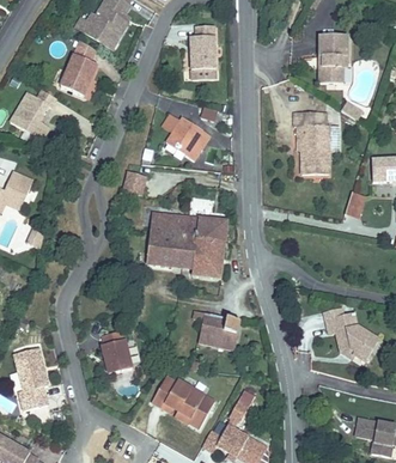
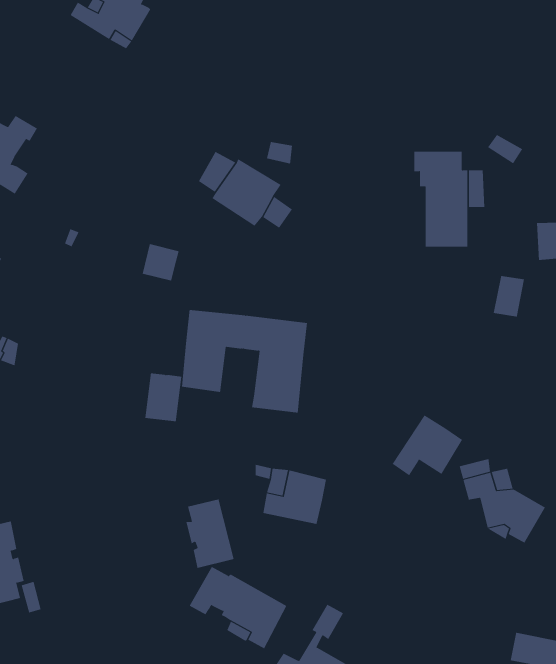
building: [190,25,217,69] -> none
building: [318,35,348,83] -> none
building: [61,41,97,96] -> none
building: [172,237,196,268] -> [144,373,182,422]
building: none -> [392,415,463,476]
building: [102,330,133,374] -> [185,499,234,569]

